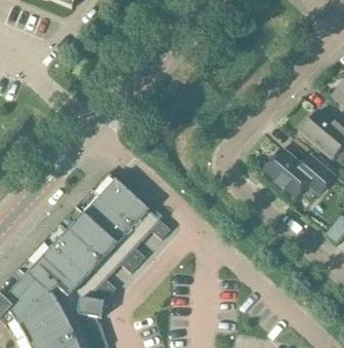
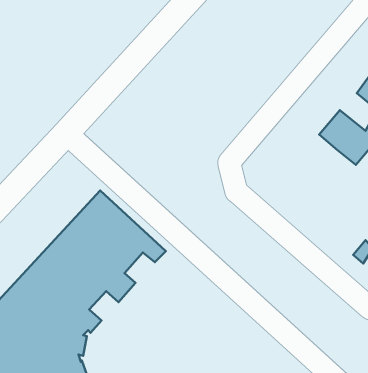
building: [263,147,335,197] -> none

